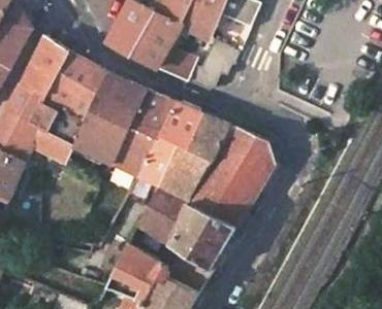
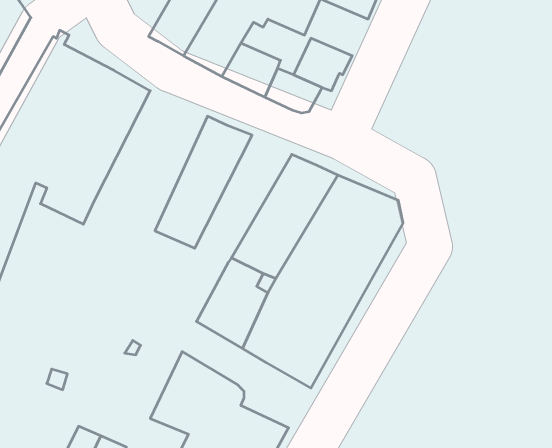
building: [70,74,144,165] -> none
building: [135,103,198,185] -> none
building: [165,250,211,293] -> none

